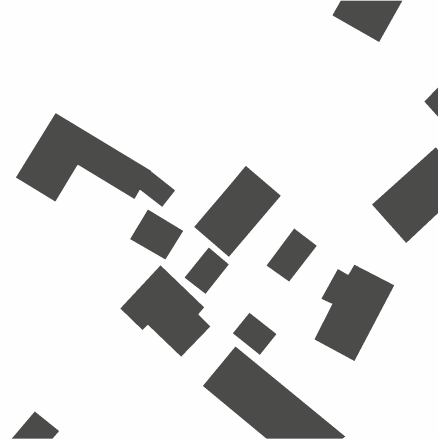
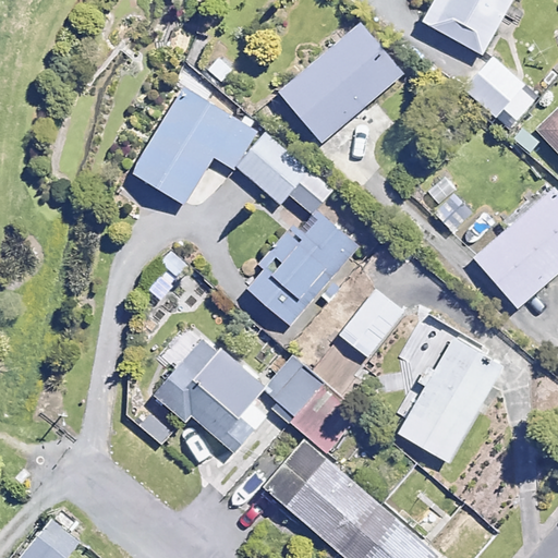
building: none -> [278,22,403,142]
building: none -> [462,56,542,134]
building: [15,112,176,208] -> [132,88,337,209]
building: [129,209,184,261] -> none
building: [184,247,230,295] -> [267,351,326,412]

